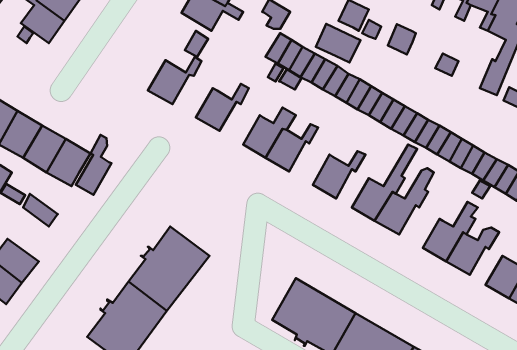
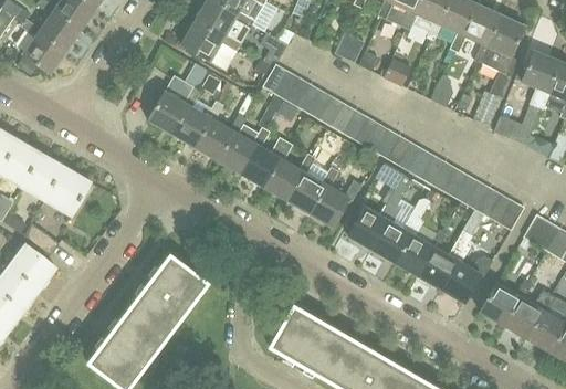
building: [316,24,361,62] -> none
building: none -> [171,101,224,147]
building: none -> [218,125,270,174]
building: [76,135,111,195] -> none
building: none -> [286,167,338,213]
building: none -> [395,229,447,275]
building: none -> [9,245,55,288]

